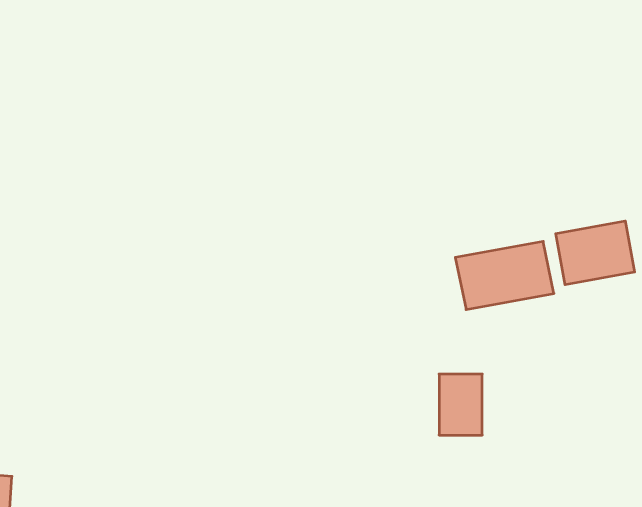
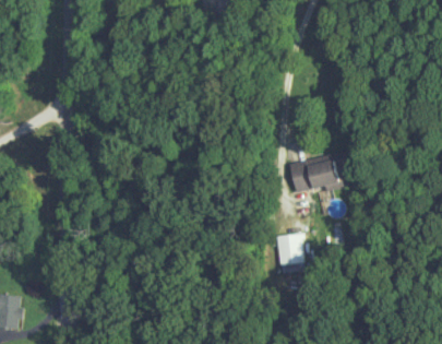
building: [556,221,635,285] -> none

